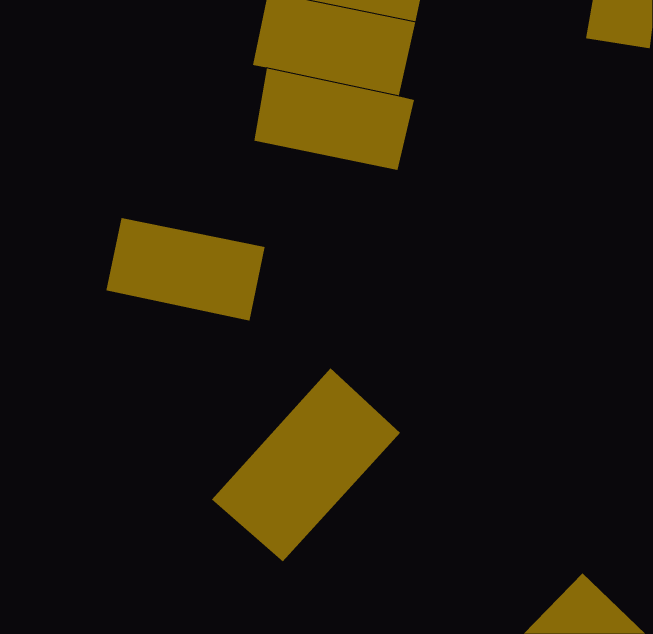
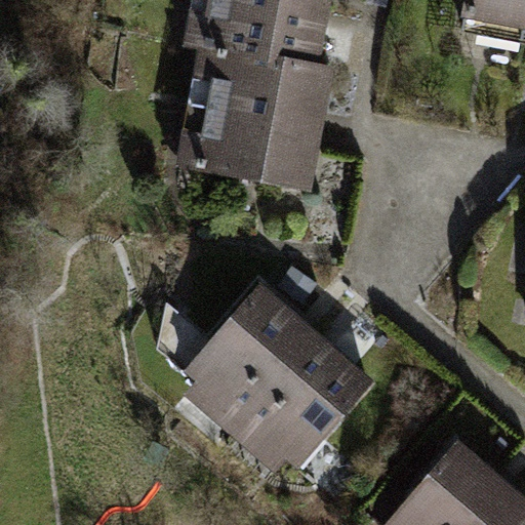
building: [105,217,265,321] -> [191,113,319,196]
building: none -> [227,347,368,493]

